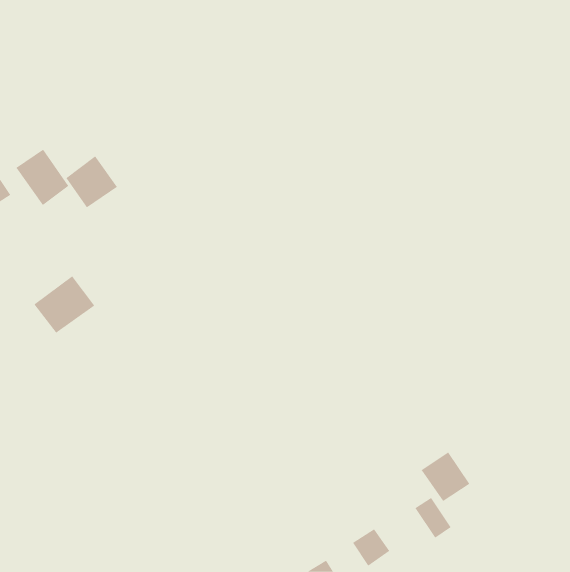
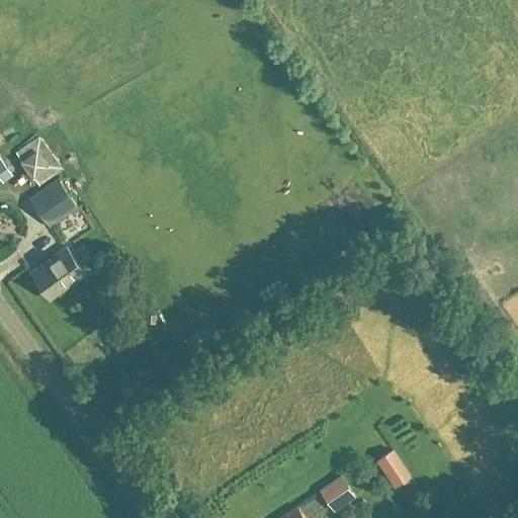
building: [65,156,118,208] -> [28,181,76,229]
building: [421,451,470,502] -> none

